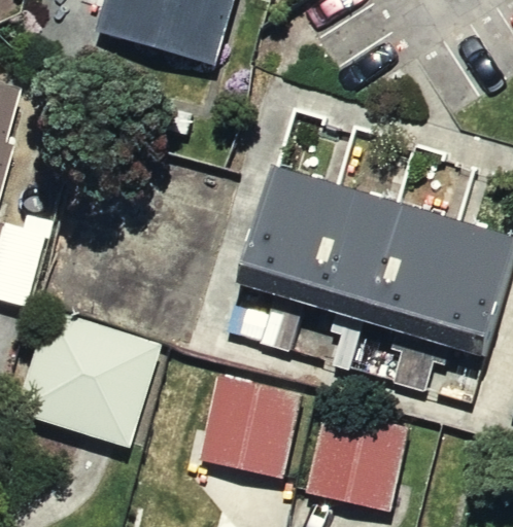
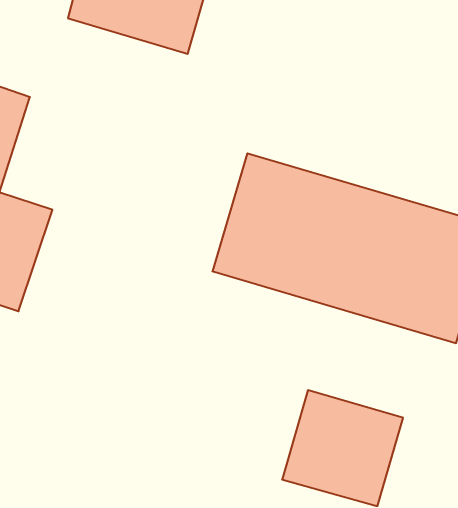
building: [14,306,177,460] -> none
building: [196,371,318,488] -> none

